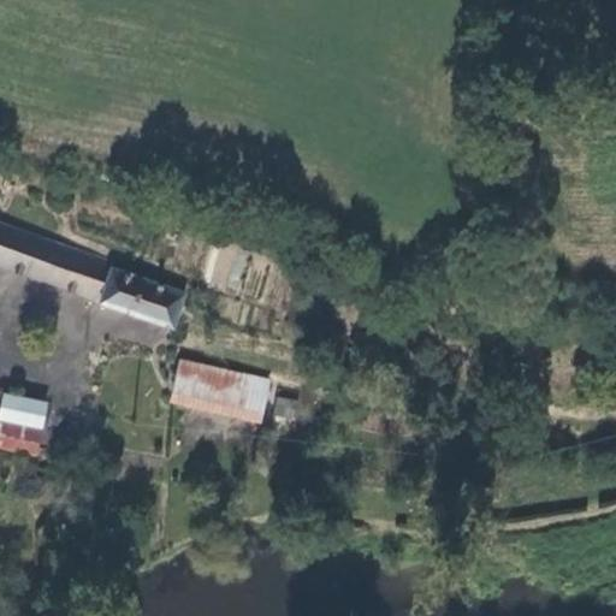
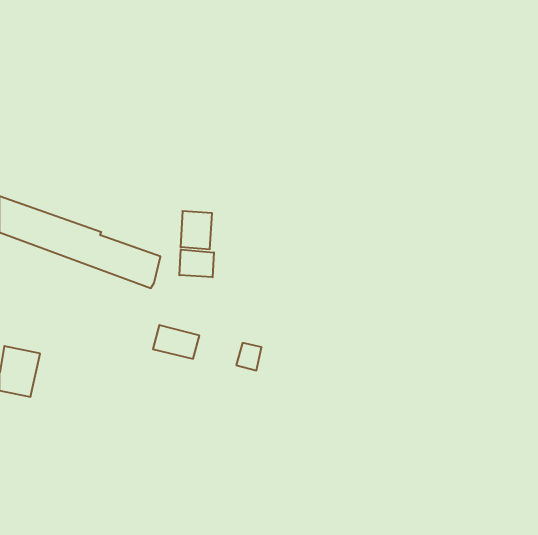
building: none -> [179,249,214,277]
building: [220,383,270,420] -> none

